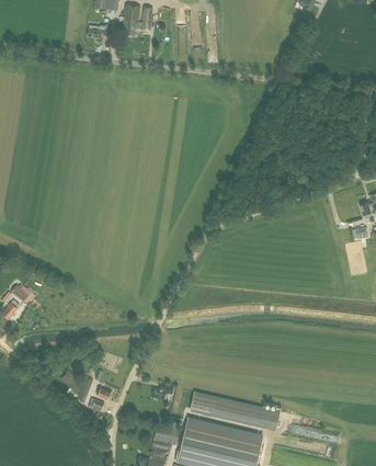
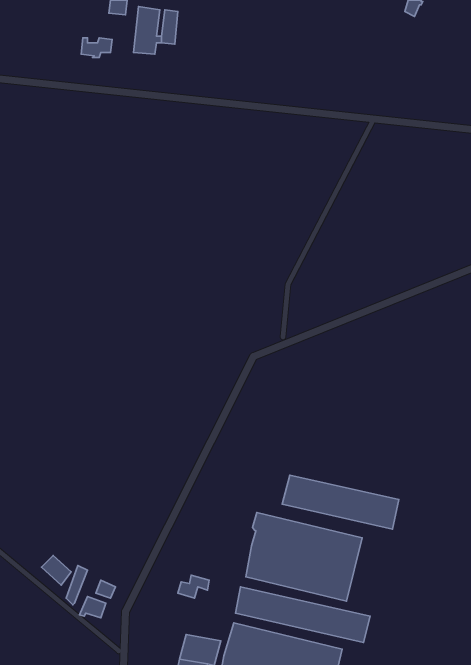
building: none -> [282,475,399,529]
building: none -> [246,513,362,601]

